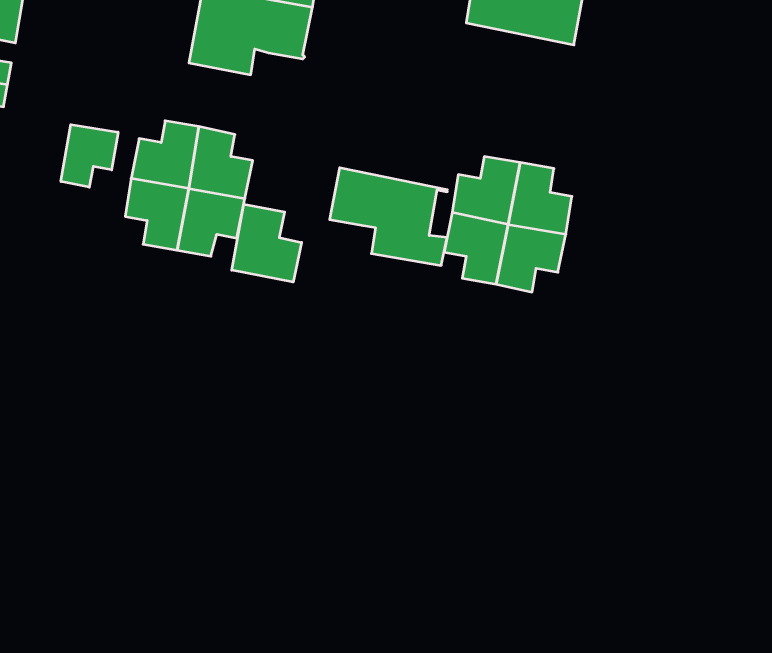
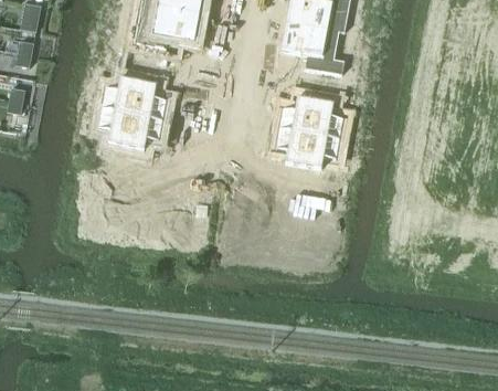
building: [61,125,118,187] -> none
building: [330,168,447,265] -> [279,20,345,74]
building: [232,204,302,282] -> none

